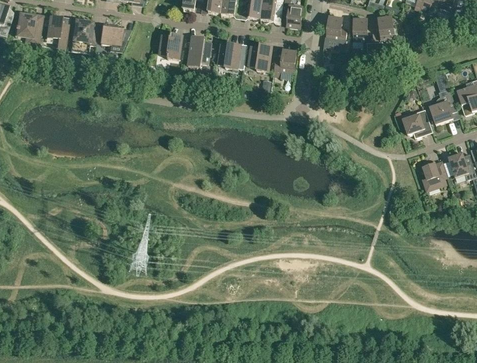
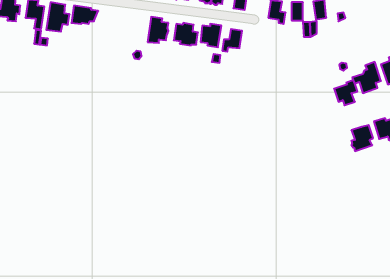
building: [159,33,184,59] -> none

